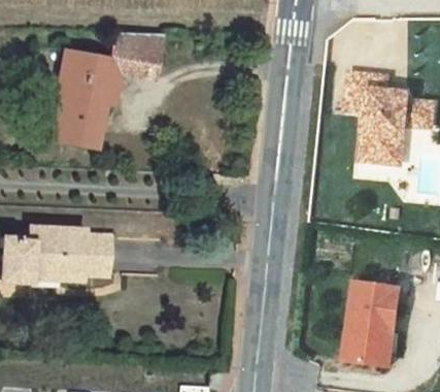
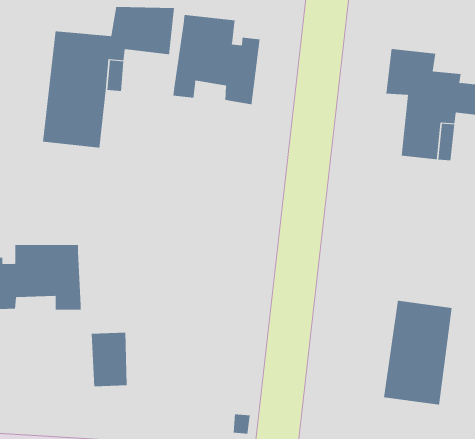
building: none -> [173,14,260,105]
building: [89,235,119,280] -> [91,332,128,387]

